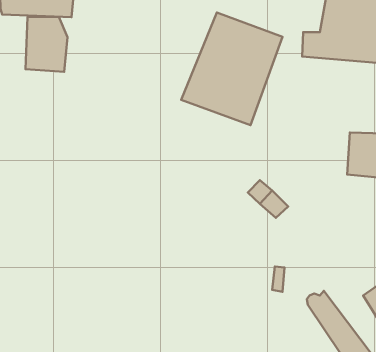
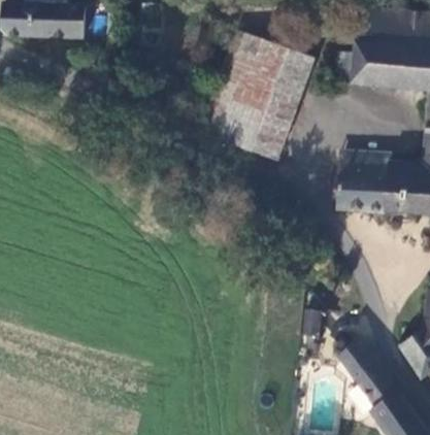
building: [25,17,68,72] -> none
building: none -> [339,162,388,212]

